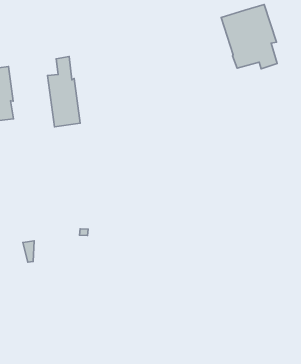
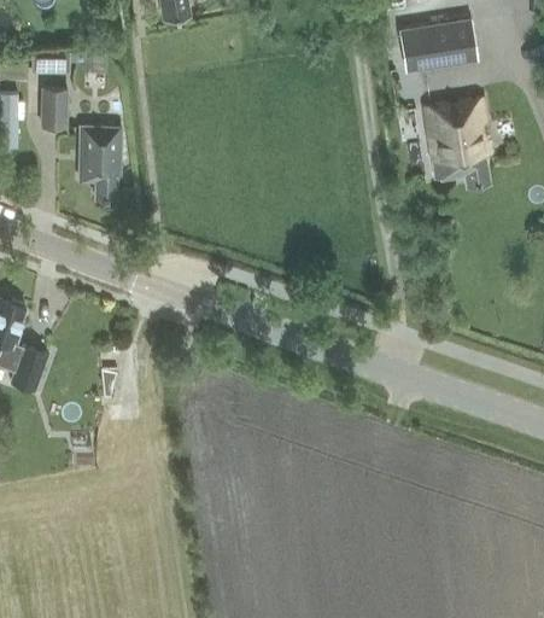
building: [47,56,80,127] -> none

